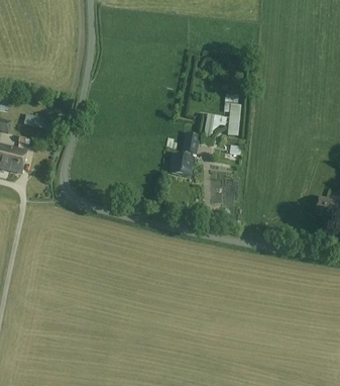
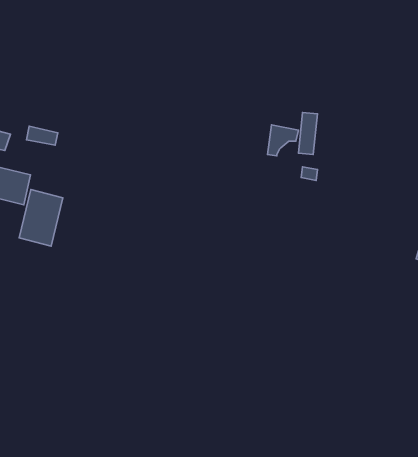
building: [169,132,200,176] -> none
building: none -> [19,189,63,246]

